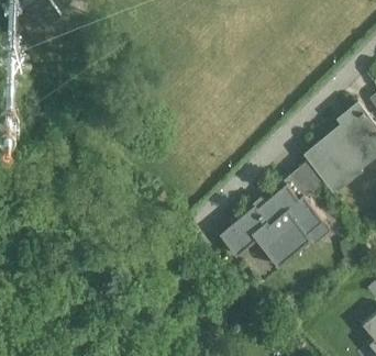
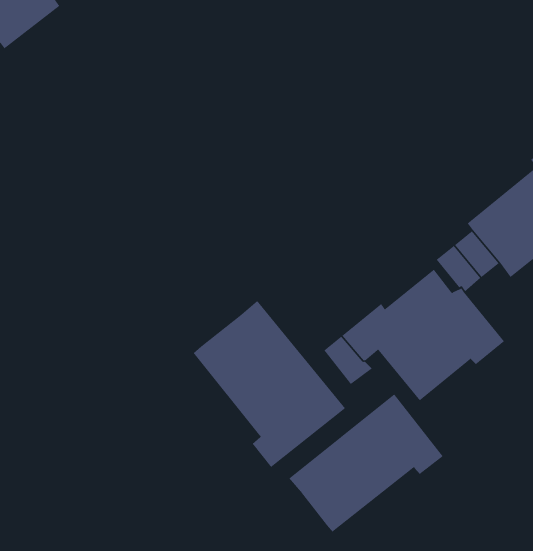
building: none -> [193,300,346,468]
building: none -> [289,393,443,532]

